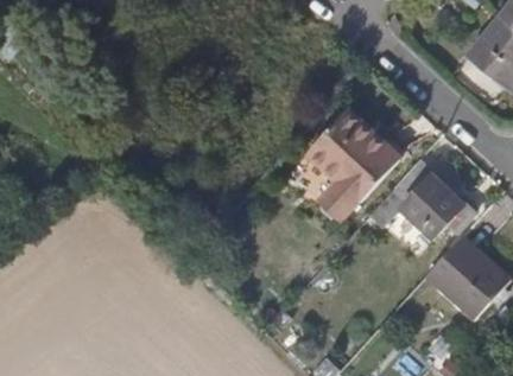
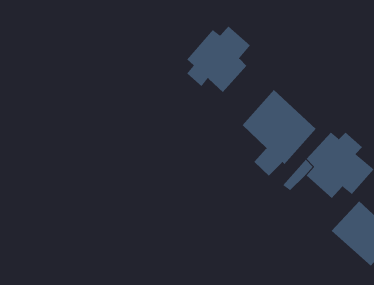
building: none -> [186,25,251,93]

